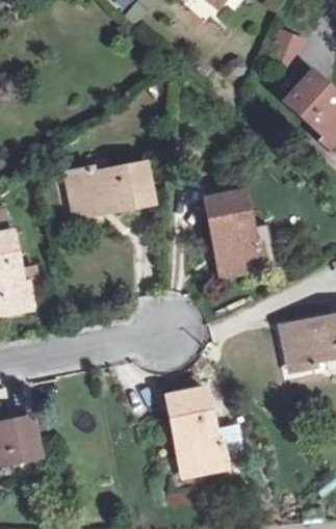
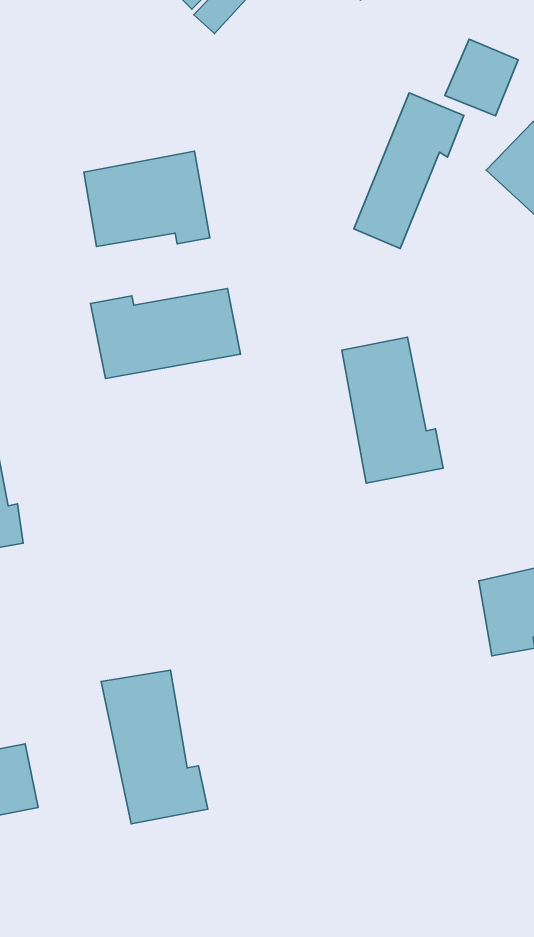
building: none -> [354,93,464,249]
building: none -> [84,151,210,246]
building: [166,390,226,475] -> [101,670,208,824]

